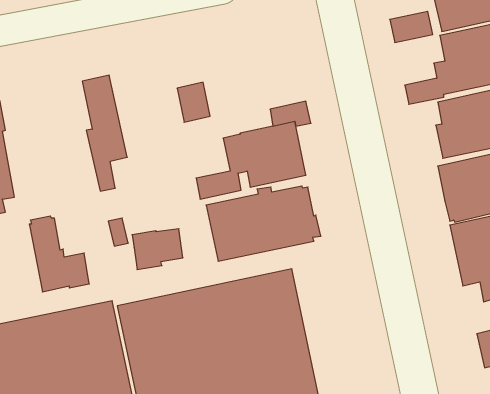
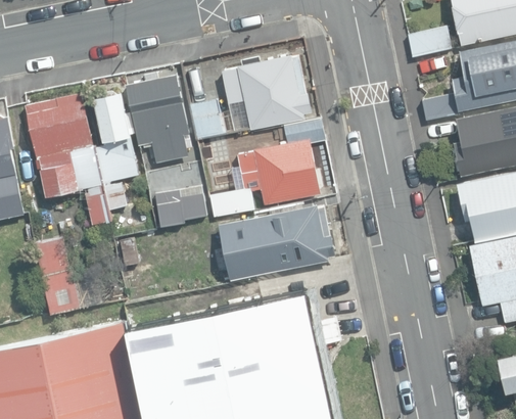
building: none -> [223,54,314,131]
building: none -> [127,72,192,164]
building: none -> [25,93,112,226]
building: [132,229,183,270] -> [155,187,207,229]

